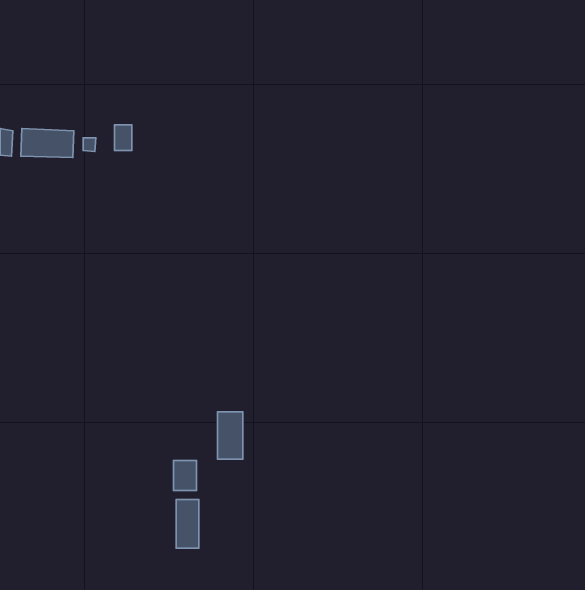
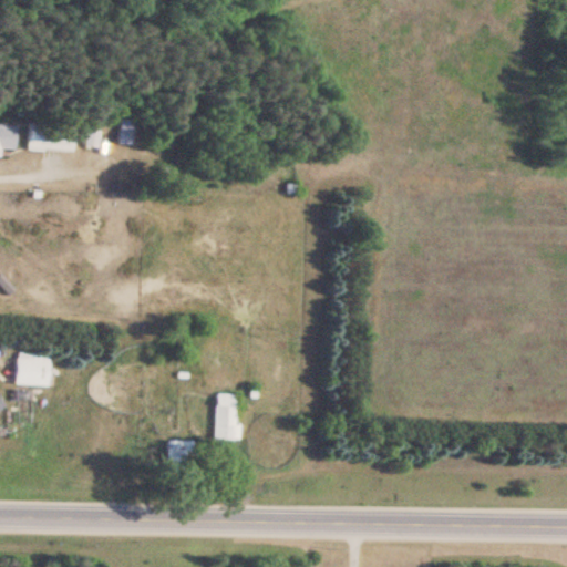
building: none -> [13,353,52,386]
building: [176,499,199,548] -> none

